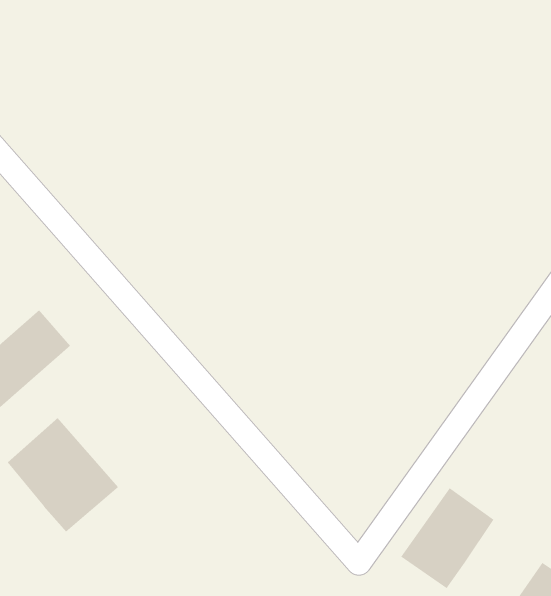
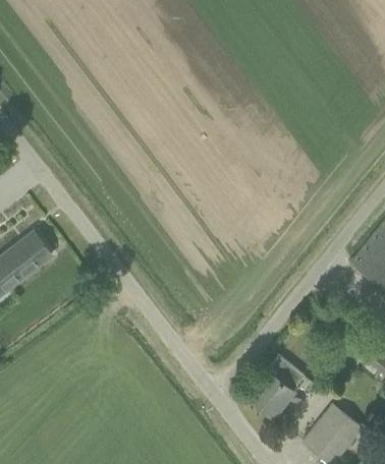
building: [7,417,119,533] -> none

